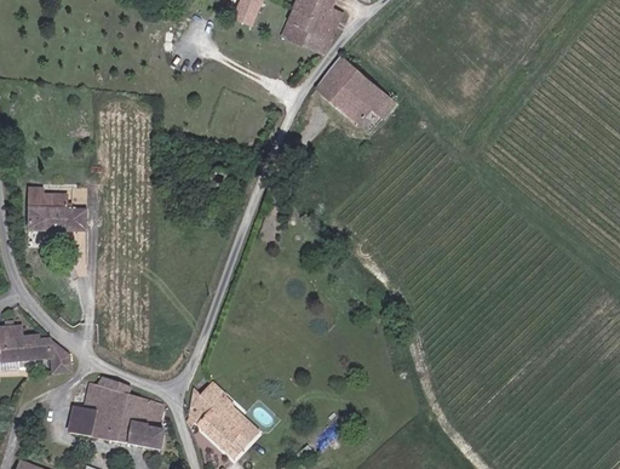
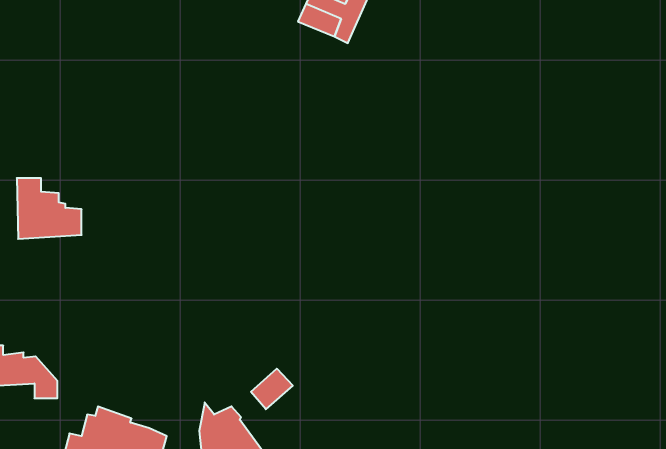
building: [315,57,398,127] -> none
building: none -> [251,369,293,409]

